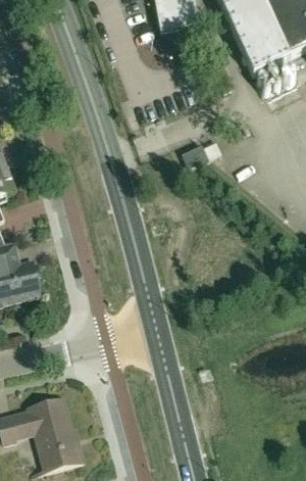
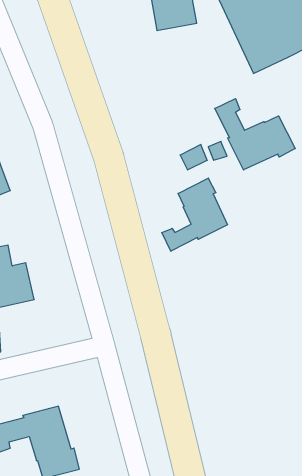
building: none -> [215,99,295,170]
building: none -> [162,178,227,251]

